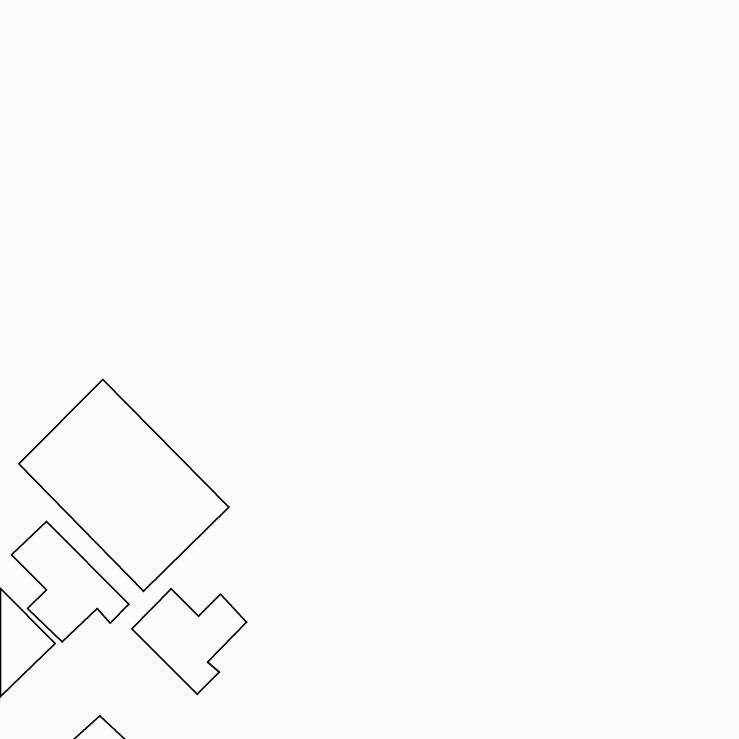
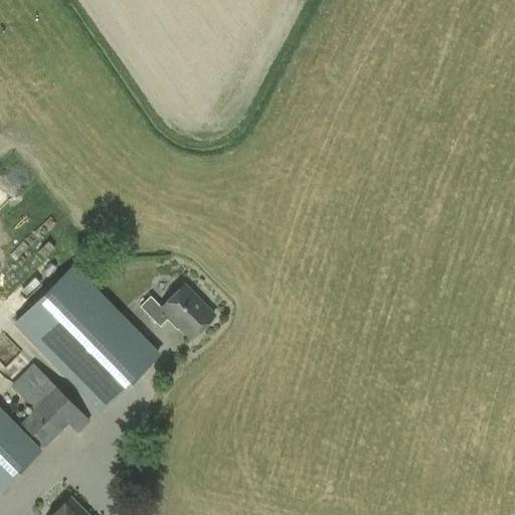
building: none -> [140,283,216,341]
building: [132,589,247,694] -> none

